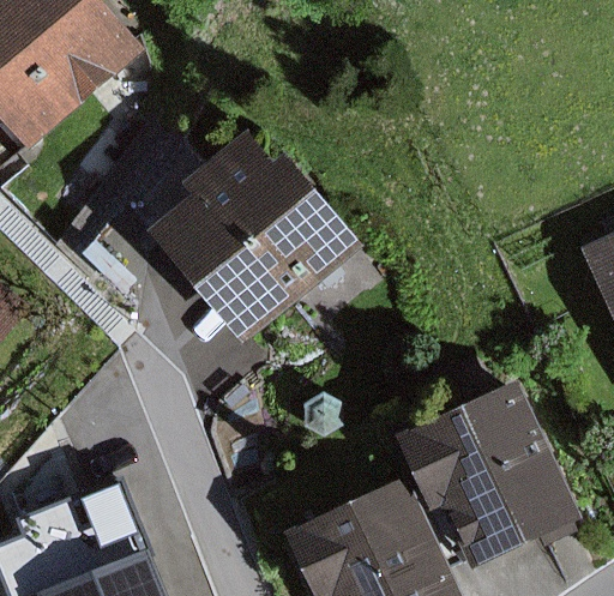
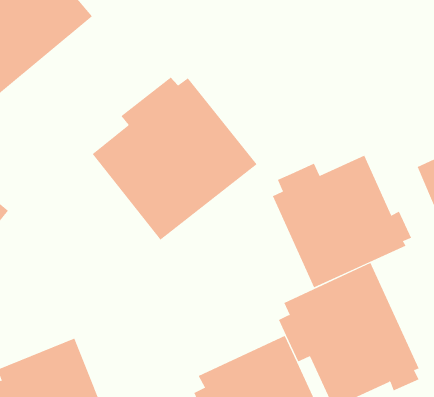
building: none -> [272,155,412,288]

